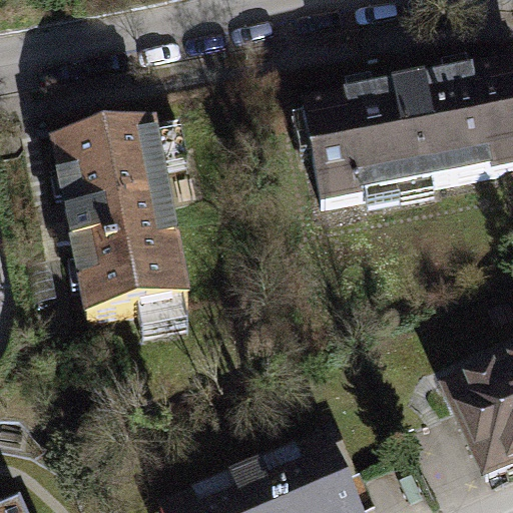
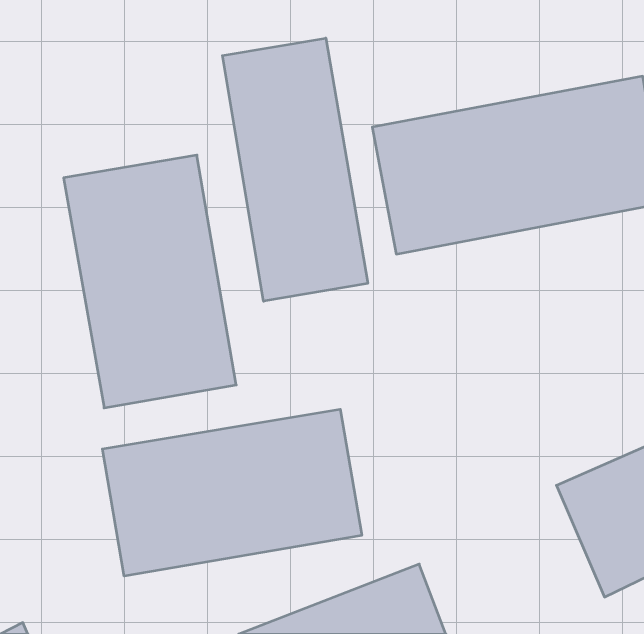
building: none -> [222,38,368,301]
building: none -> [102,409,362,576]

